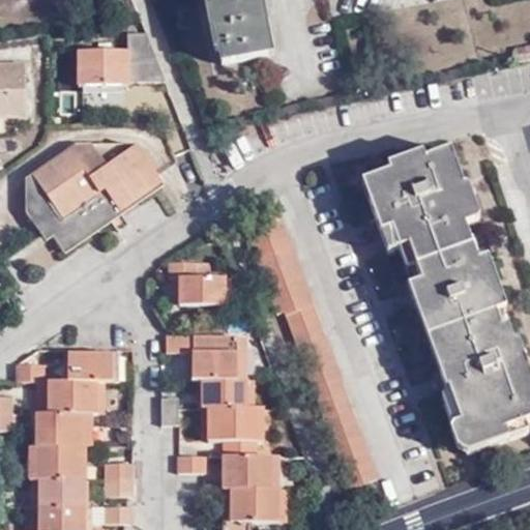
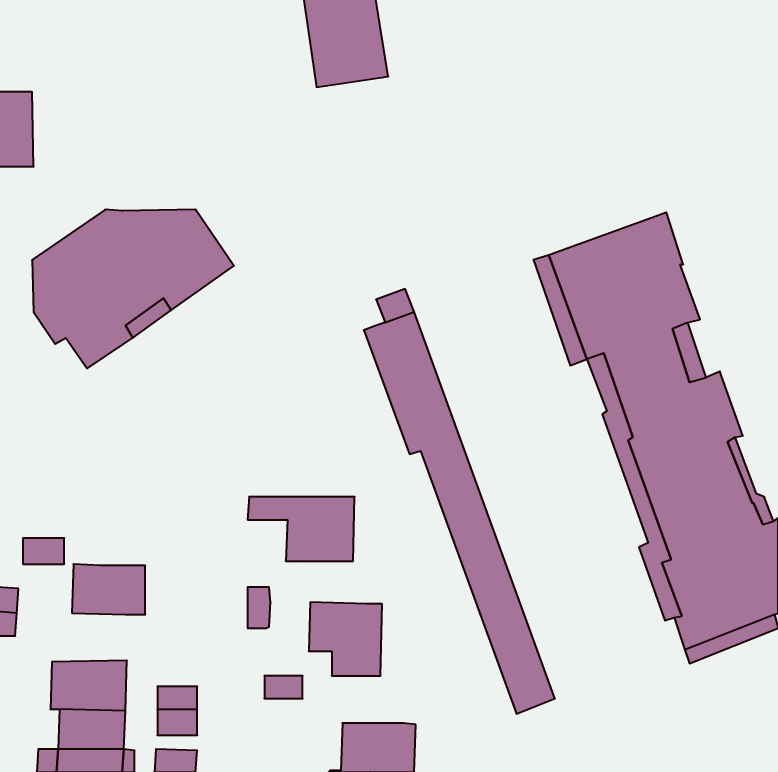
building: [78,30,155,84] -> none
building: [171,260,227,305] -> none
building: [68,355,119,383] -> none
building: [204,380,248,409] -> none
building: [35,415,86,448] -> none
building: [224,458,274,490] -> none

